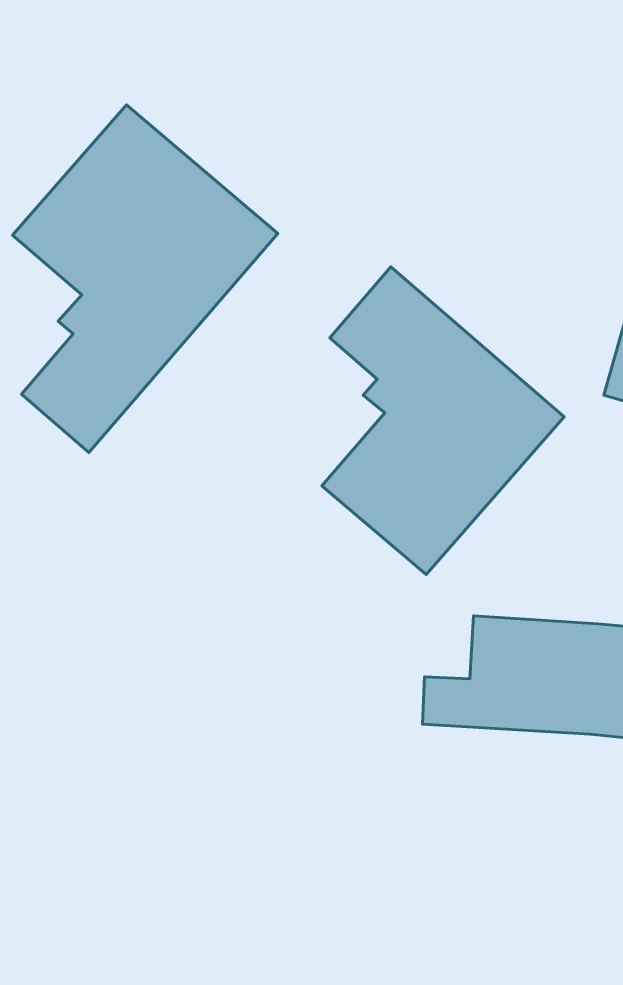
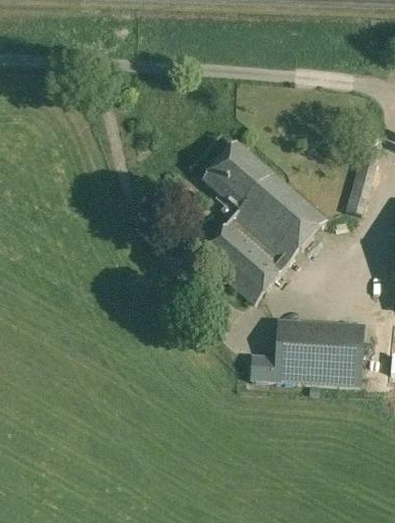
building: [12,105,278,452] -> none

